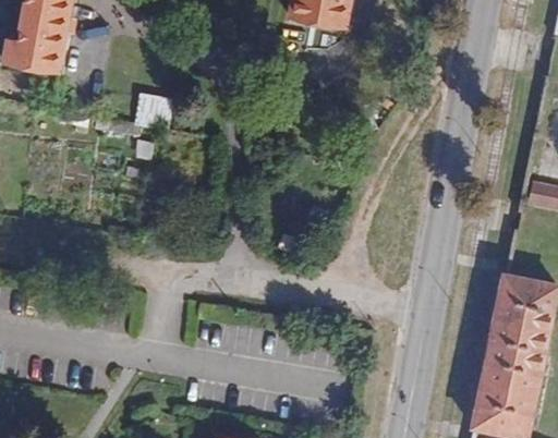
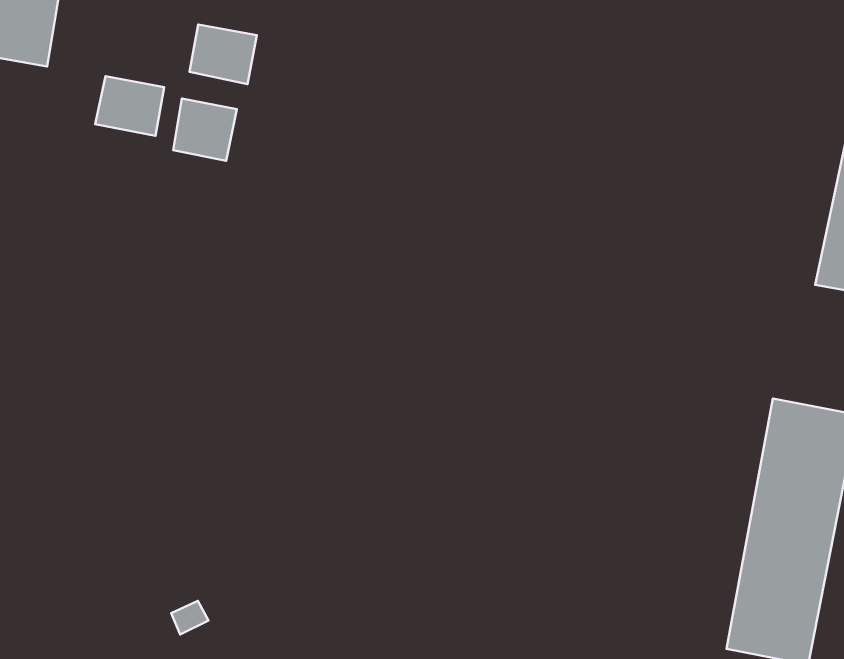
building: none -> [190,24,257,84]
building: none -> [95,76,164,136]

